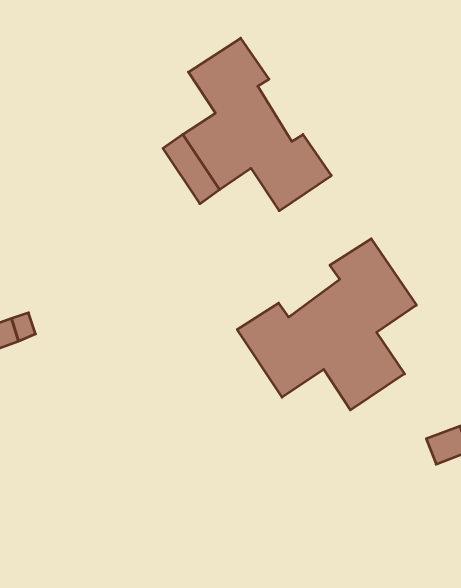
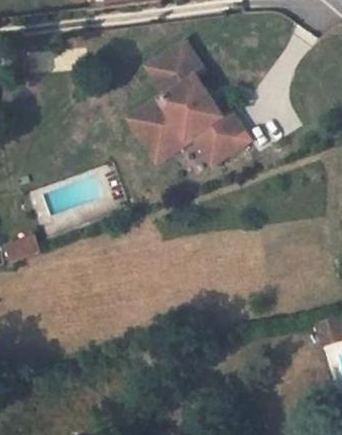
building: [237,239,416,410] -> none

